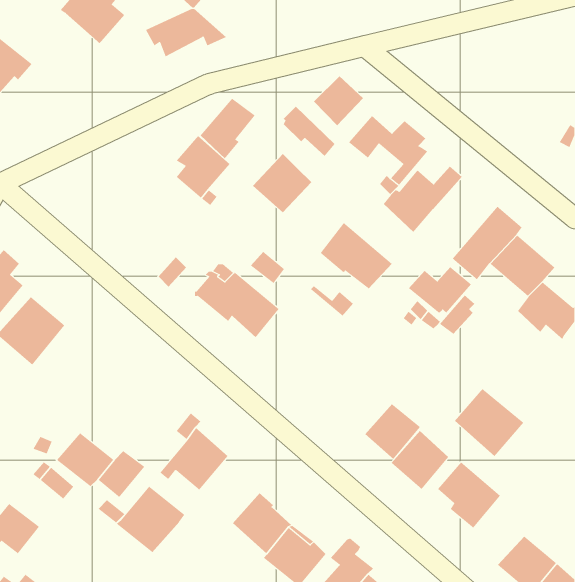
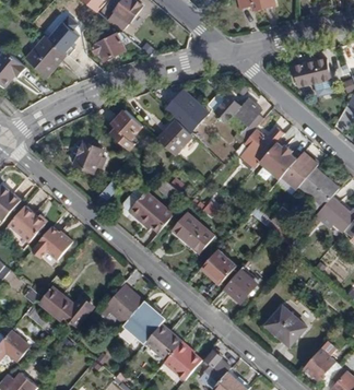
building: none -> [24,35,67,78]
building: none -> [290,58,330,85]
building: [313,75,364,126] -> none
building: [200,98,256,159] -> none
building: none -> [73,142,105,173]
building: [320,222,393,289] -> [172,211,215,251]
building: [408,266,472,314] -> [266,140,304,168]
building: none -> [37,226,72,267]
building: [454,388,524,457] -> none
building: [391,430,449,490] -> [201,248,236,284]
building: [116,486,185,553] -> [122,302,164,342]

